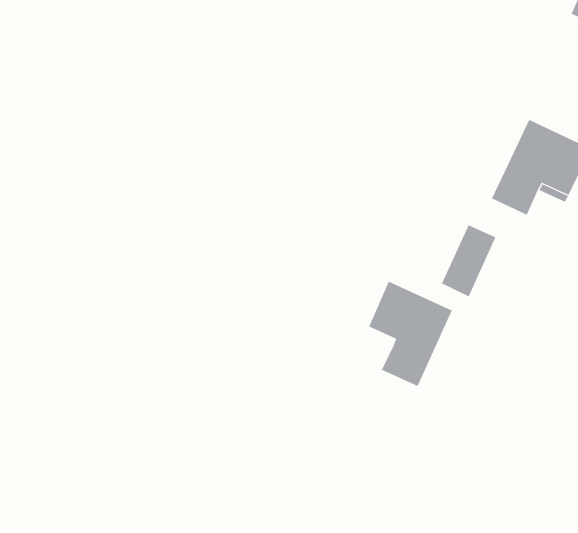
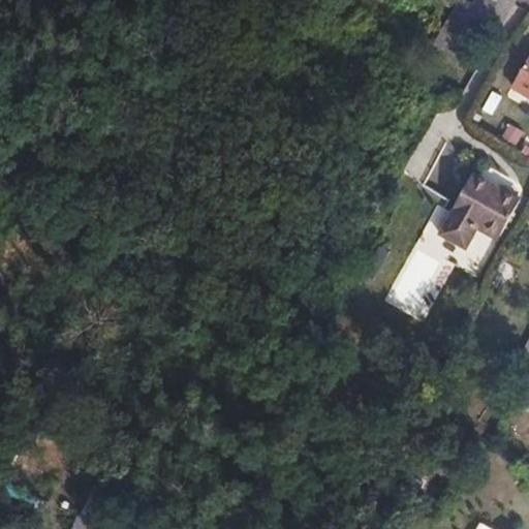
building: [369,281,452,387] -> none

